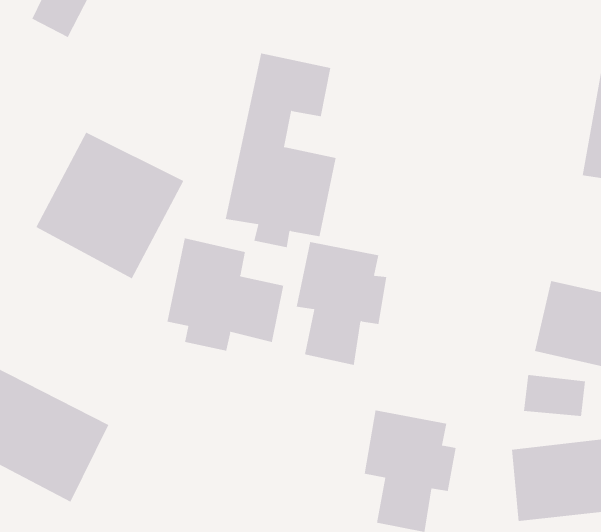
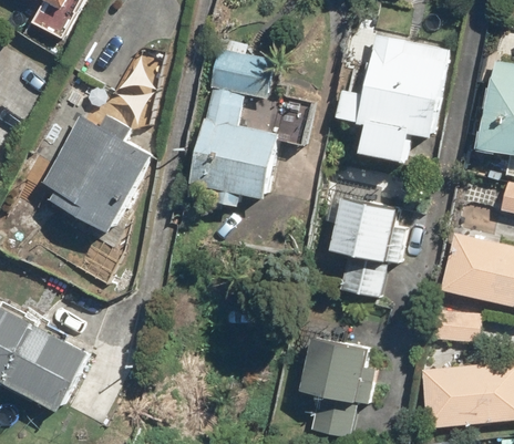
building: none -> [336,35,450,162]
building: [167,237,284,351] -> none
building: [296,241,387,365] -> [332,198,407,299]

